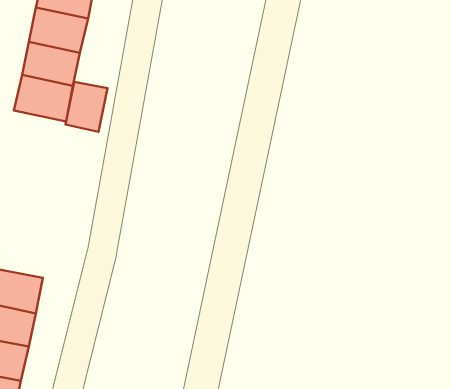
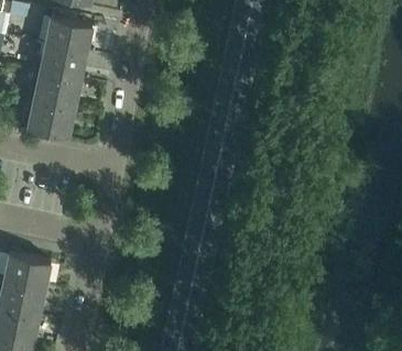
building: [65,82,108,132] -> none

